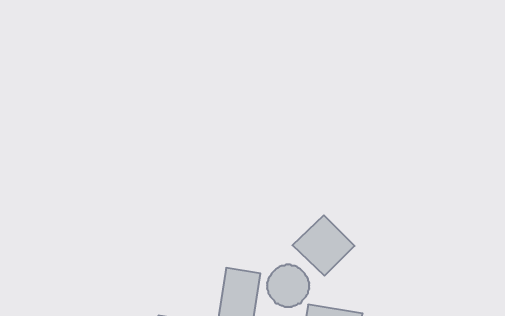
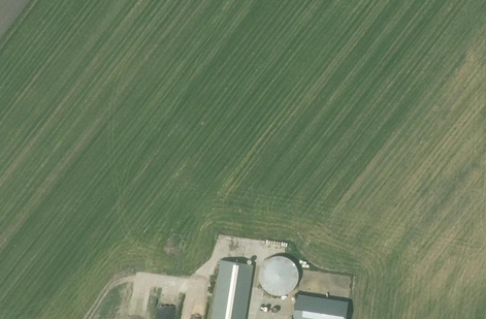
building: [292,215,355,276] -> none

